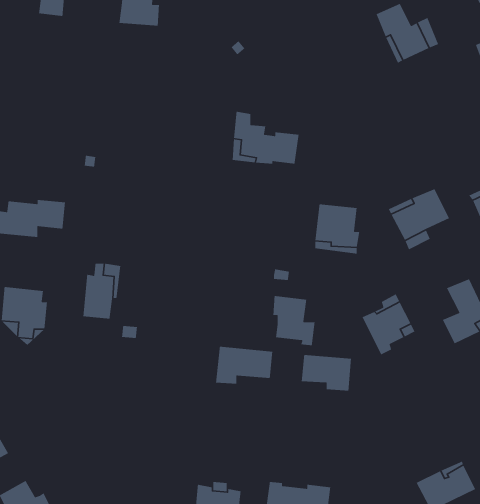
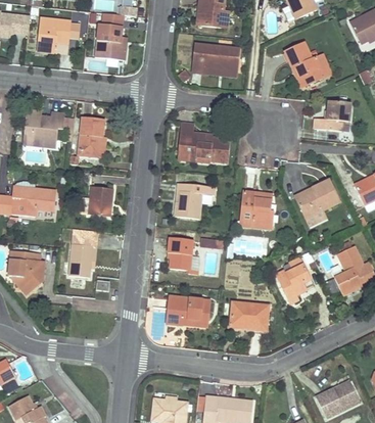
building: none -> [194,44,238,68]
building: none -> [314,100,350,131]
building: none -> [24,109,74,146]
building: none -> [79,115,104,155]
building: none -> [175,182,216,218]
building: none -> [88,185,113,215]
building: [273,295,315,346] -> [168,236,199,274]

